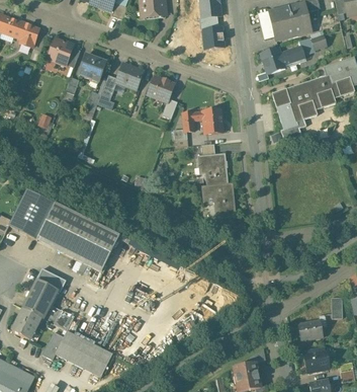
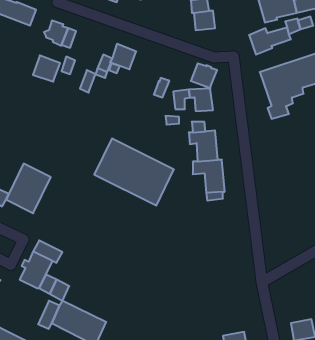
building: [78,54,106,81] -> [33,55,60,82]
building: [147,76,174,102] -> [191,63,217,89]
building: [35,202,118,271] -> [94,139,174,206]
building: [11,308,39,338] -> none
building: [297,320,322,340] -> none

